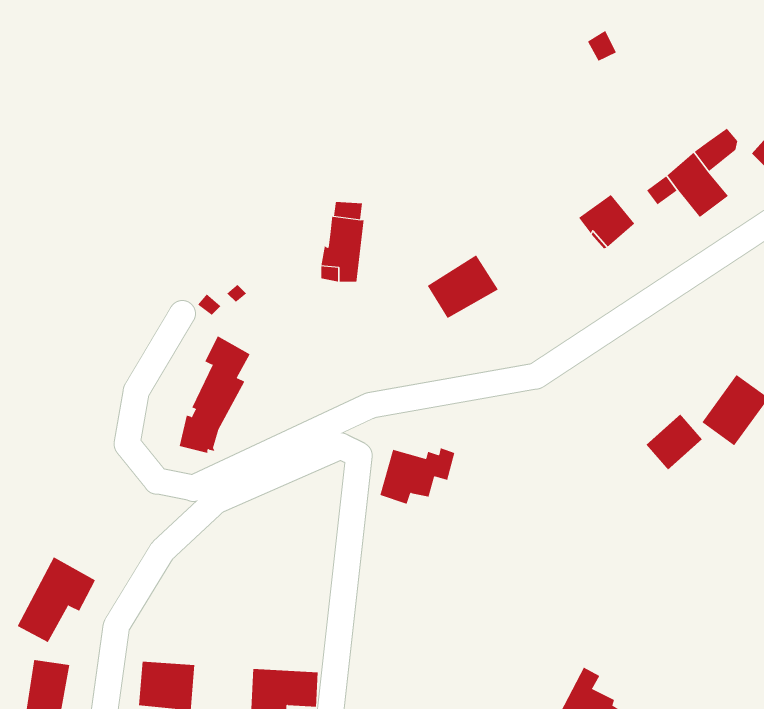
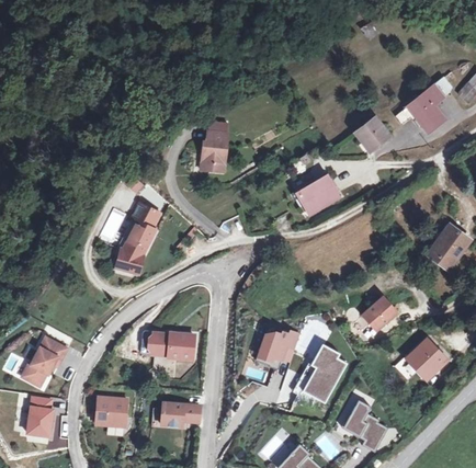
building: [427,254,499,319] -> [297,175,340,214]
building: [646,413,703,471] -> [363,297,397,331]
building: [380,447,455,504] -> [253,329,298,363]
building: none -> [147,330,193,358]
building: none -> [408,340,446,378]
building: none -> [303,345,344,402]

